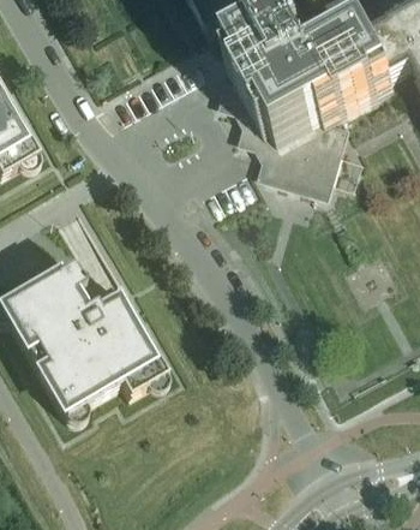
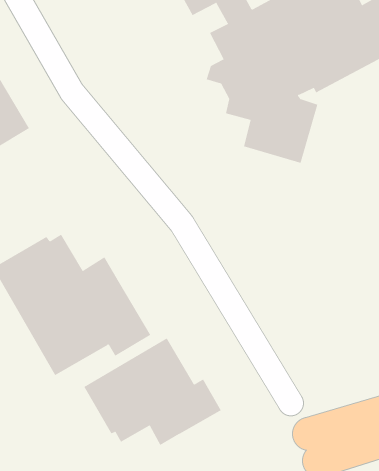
building: none -> [83,337,222,446]

